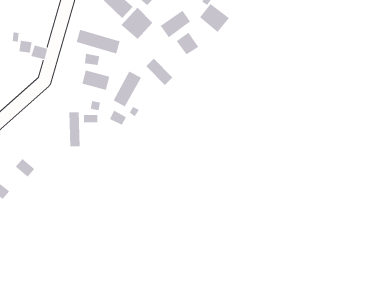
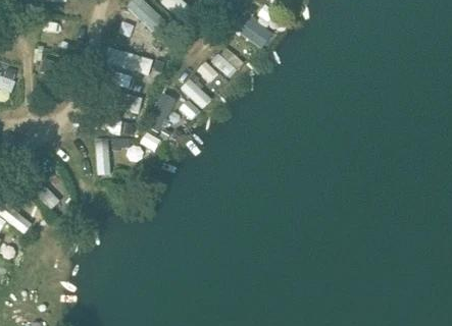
building: [121,7,153,40] -> none
building: [160,10,191,38] -> none

